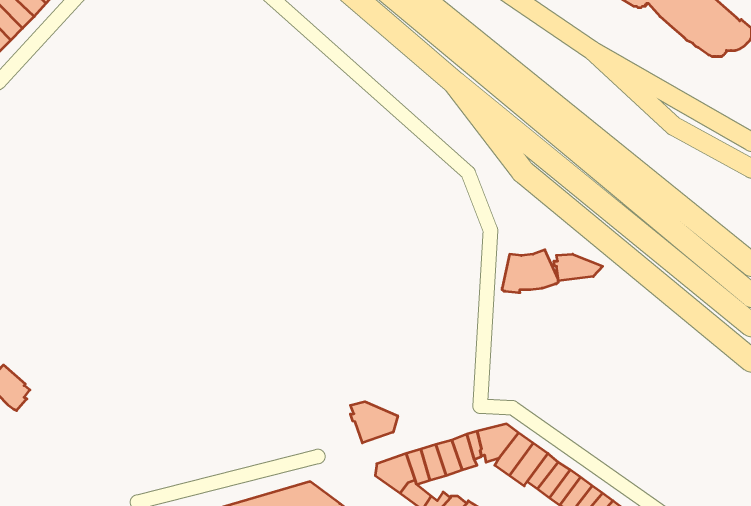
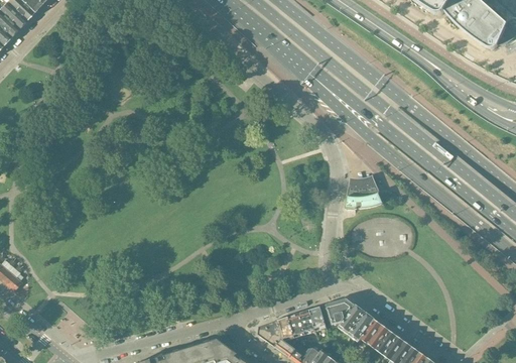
building: [554,254,603,281] -> none
building: [350,402,398,443] -> none

